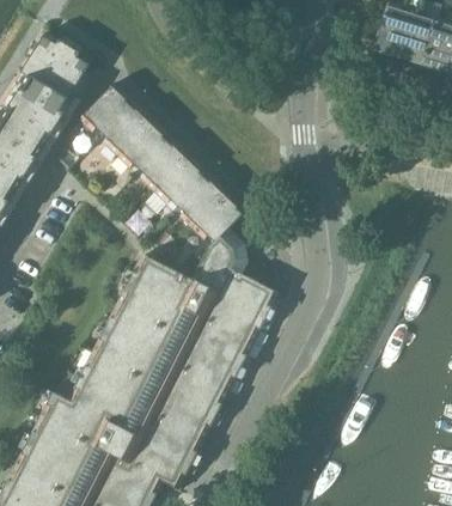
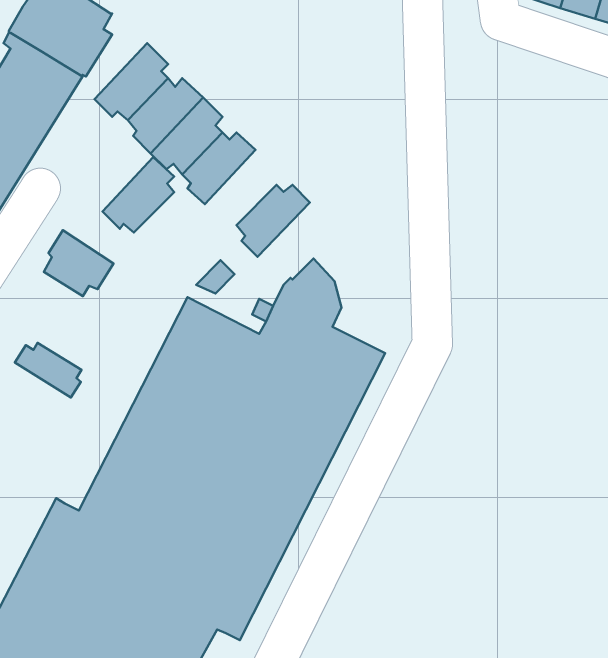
building: [157,154,206,206] -> [102,157,174,232]
building: [193,190,244,243] -> none
building: none -> [44,230,114,296]
building: none -> [15,343,82,397]

